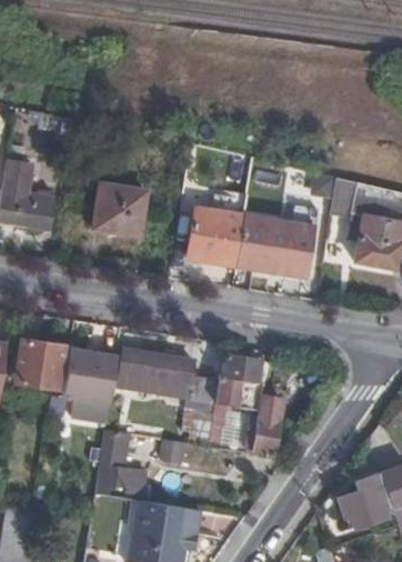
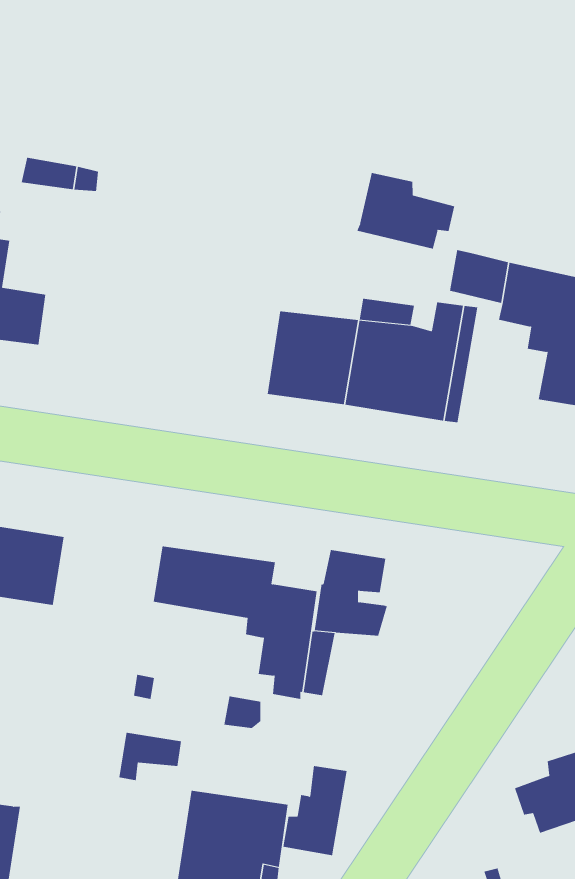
building: none -> [357,172,455,249]
building: [93,182,144,237] -> none
building: [66,348,120,404] -> none
building: [243,394,283,450] -> [282,765,347,856]

